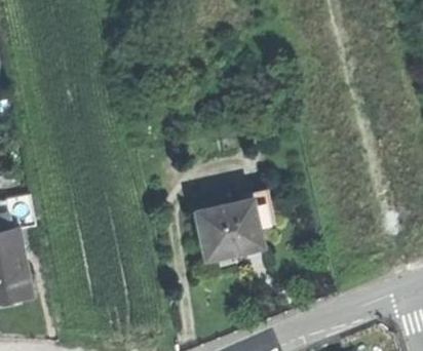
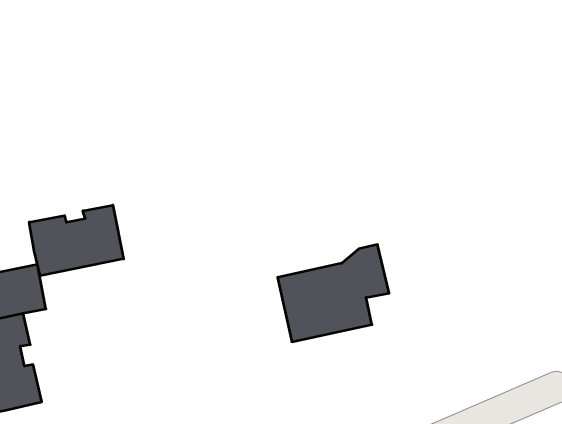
building: none -> [29,205,124,276]

